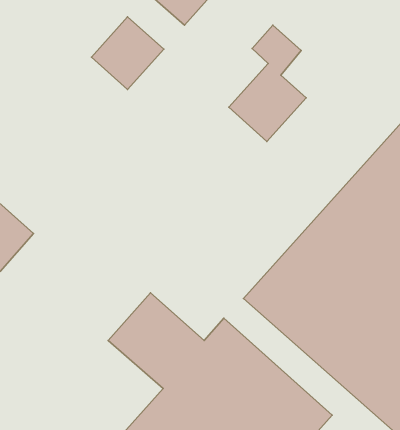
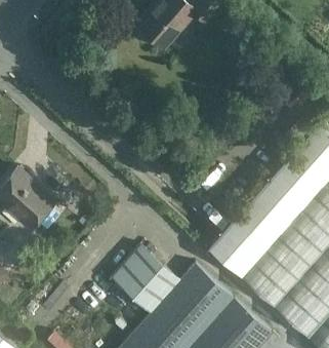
building: [91,17,164,90] -> none
building: [229,25,306,141] -> none

